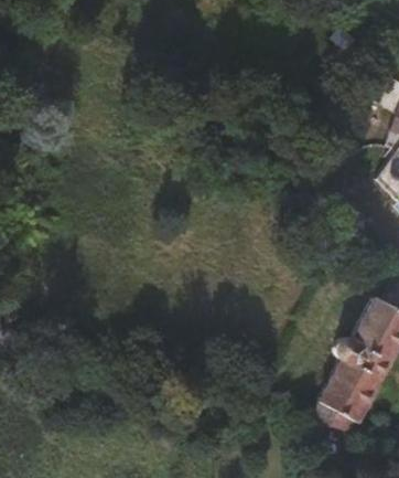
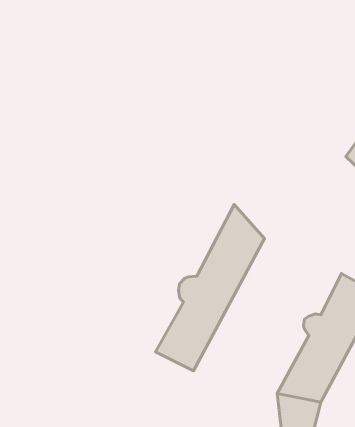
building: none -> [156,204,264,371]

